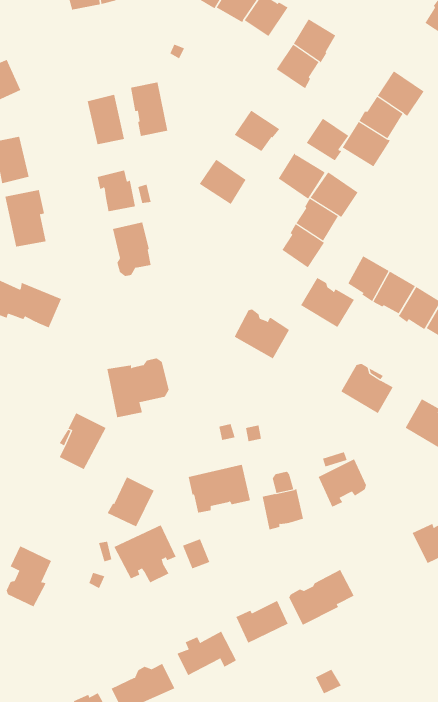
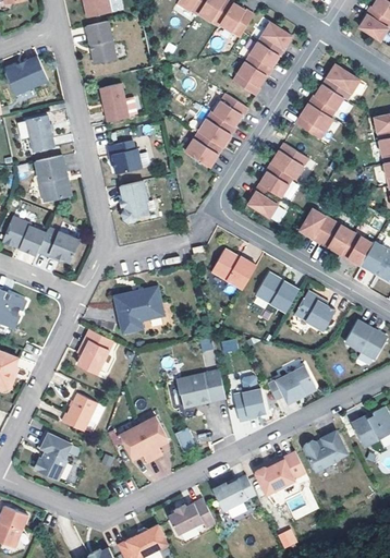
building: [130,82,168,137] -> [85,21,114,63]
building: [306,118,349,161] -> [232,62,266,96]
building: [278,152,325,199] -> [198,111,235,148]
building: [300,277,355,328] -> [257,271,300,311]
building: [107,477,155,527] -> [61,392,98,432]
building: none -> [303,430,348,472]

